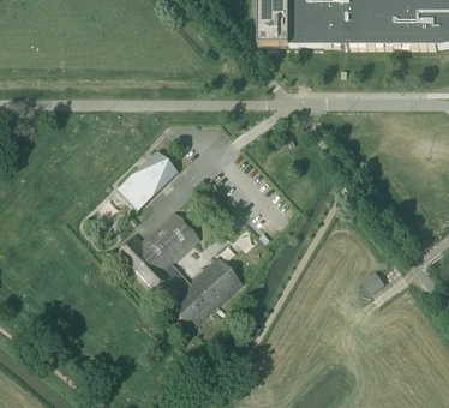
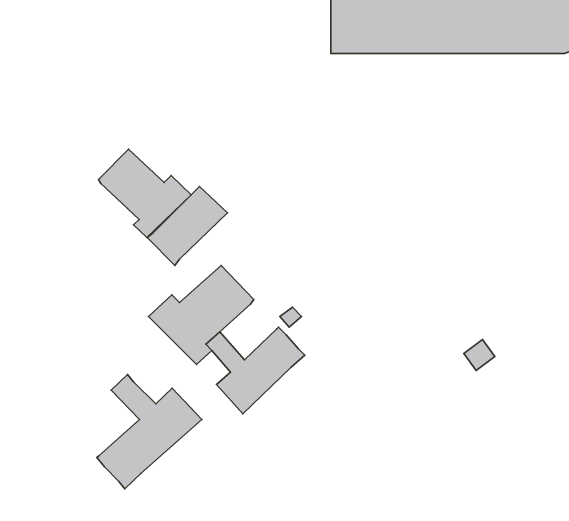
building: none -> [98,149,191,237]
building: none -> [97,374,202,489]

